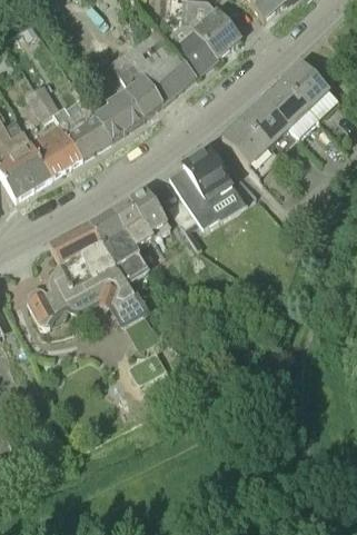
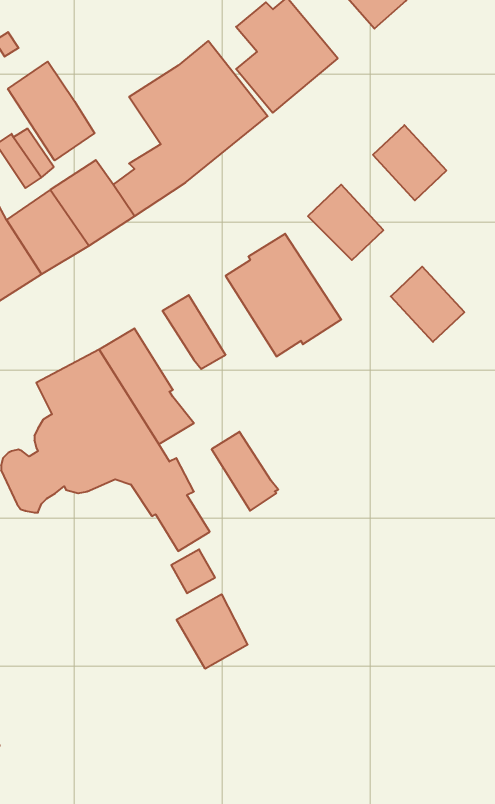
building: none -> [8,62,95,160]
building: [284,62,329,109] -> none
building: [244,99,290,147] -> [391,267,464,342]
building: [112,198,155,248] -> [212,432,278,511]
building: none -> [177,594,248,669]

